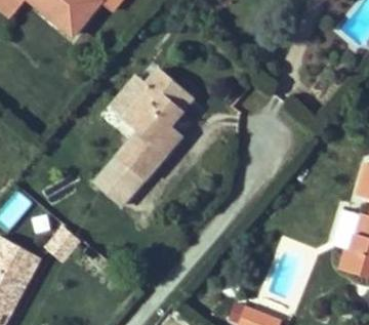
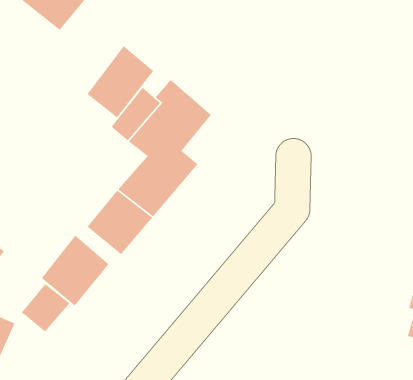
building: none -> [87,45,154,119]
building: none -> [41,234,110,307]

